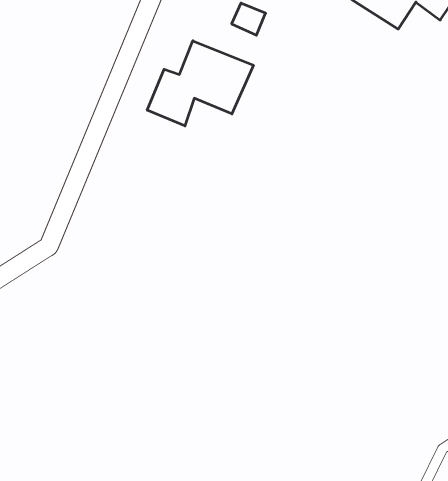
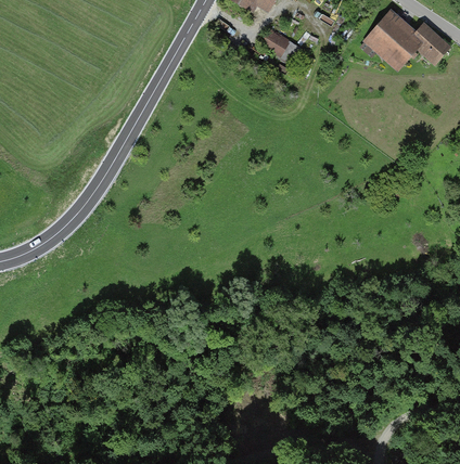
building: [147,41,253,126] -> none

